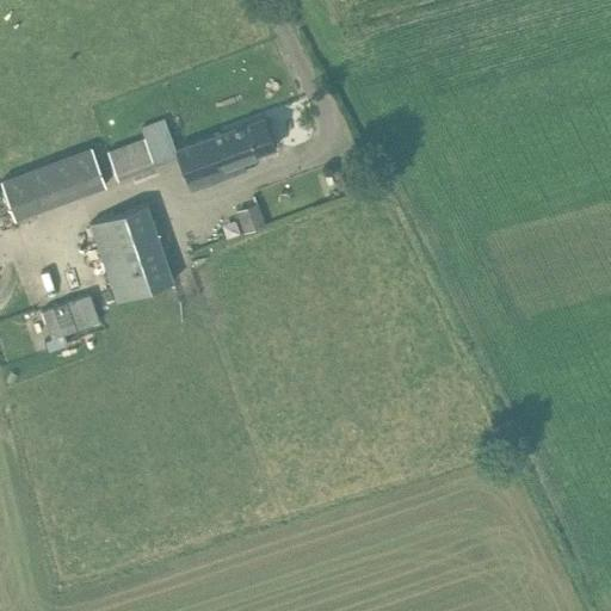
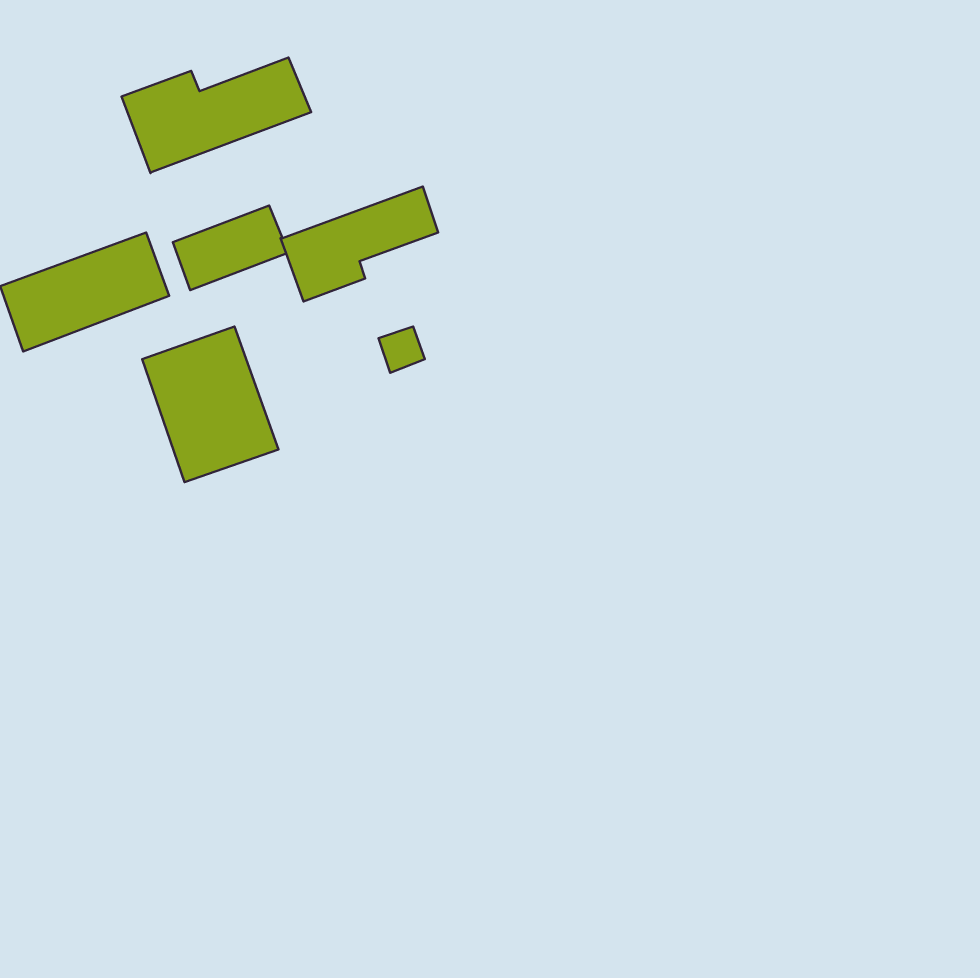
building: none -> [121,58,311,173]
building: [44,300,104,344] -> none

